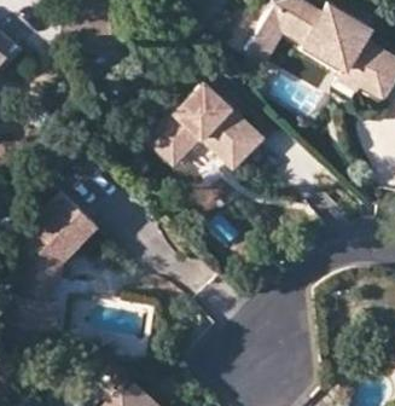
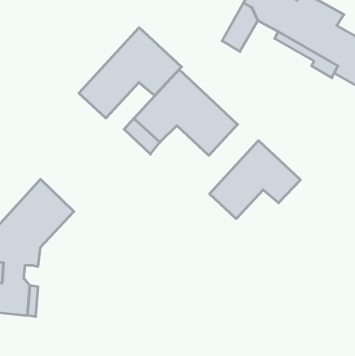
building: none -> [79,28,182,118]
building: none -> [210,141,300,219]

